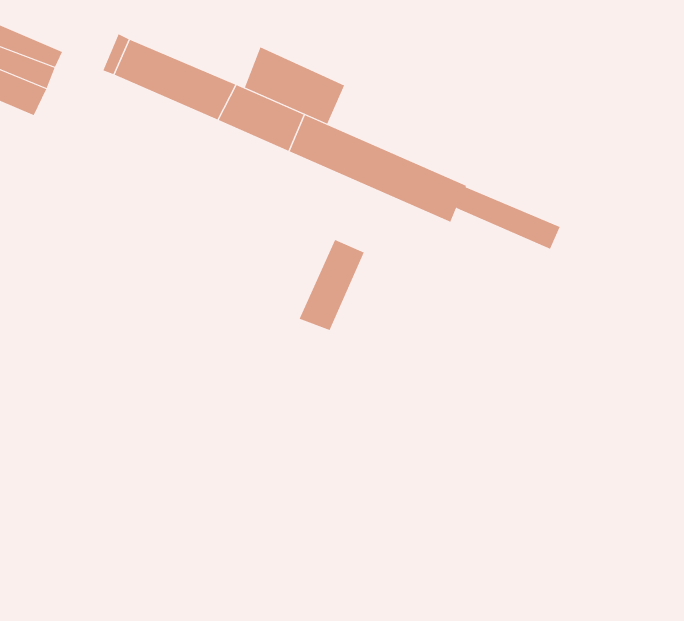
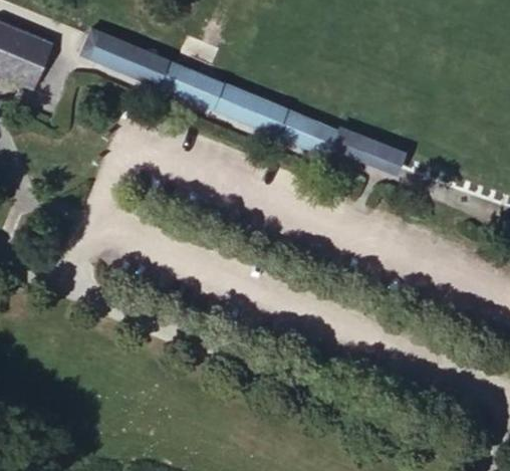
building: [244,46,345,125] -> none
building: [299,239,364,331] -> none

